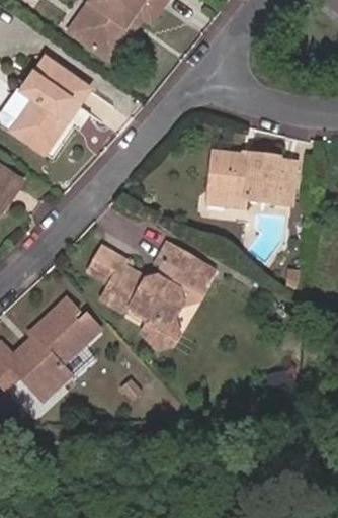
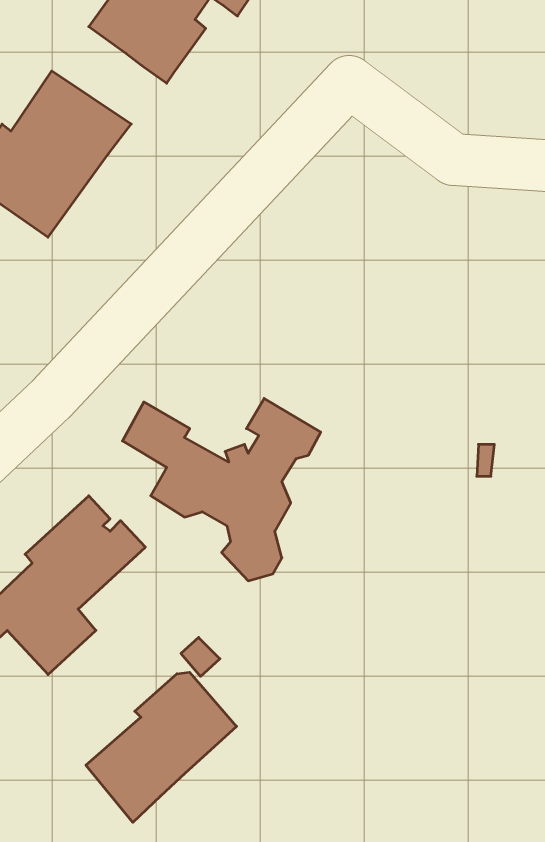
building: [209,151,297,207] -> none
building: none -> [86,672,237,822]

